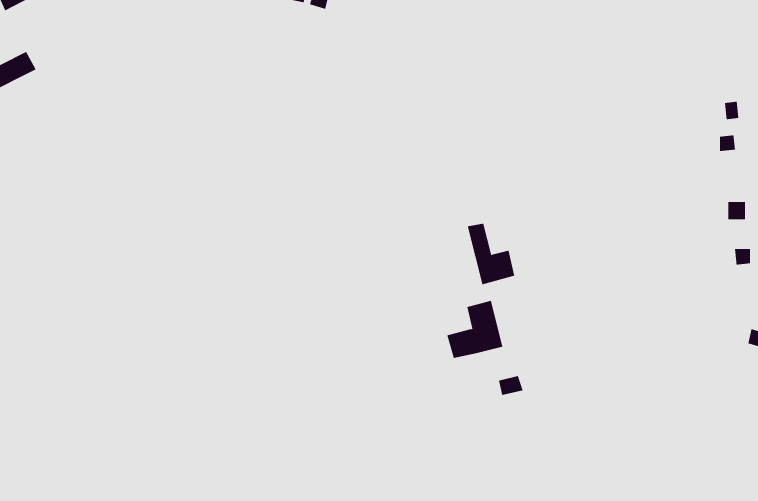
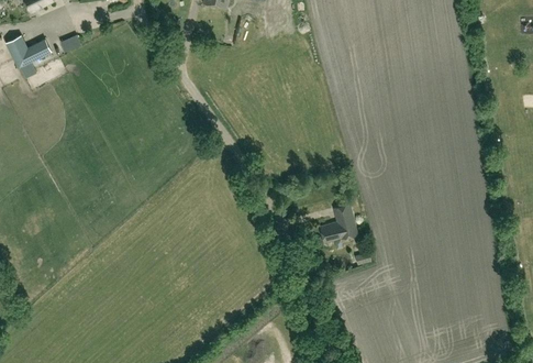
building: [467,223,515,285] -> none

